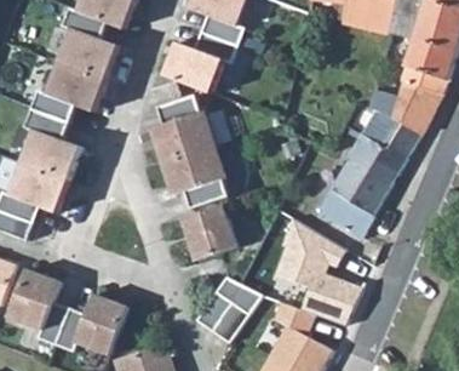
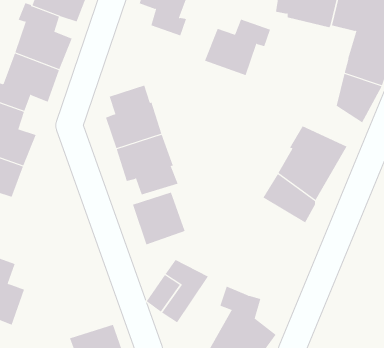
building: [163,33,233,92] -> [204,19,271,76]
building: [358,112,421,159] -> none
building: [274,222,365,326] -> none
building: [57,295,128,355] -> none

